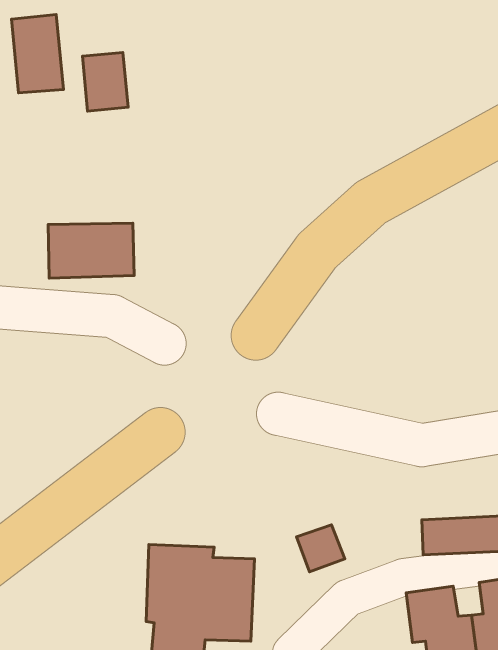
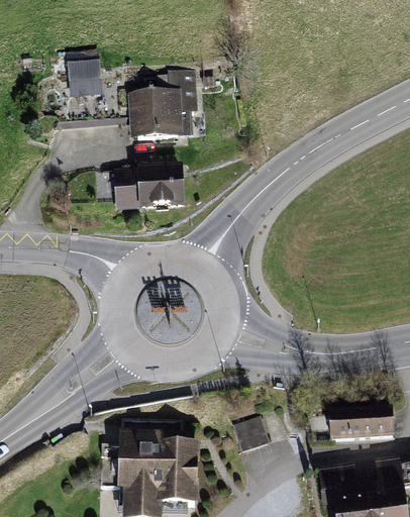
building: [11,14,63,93] -> none
building: none -> [132,74,196,144]
building: [48,223,134,278] -> [116,172,183,214]

